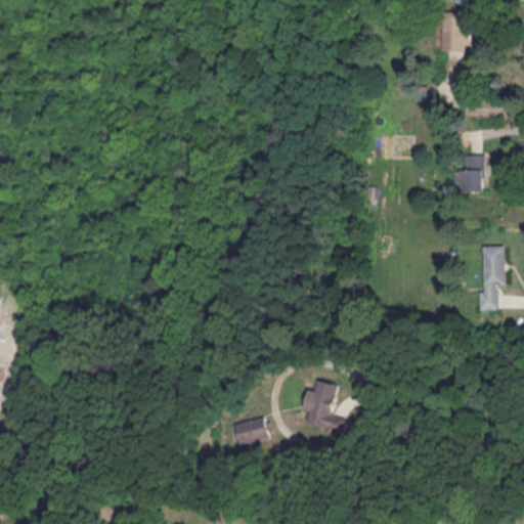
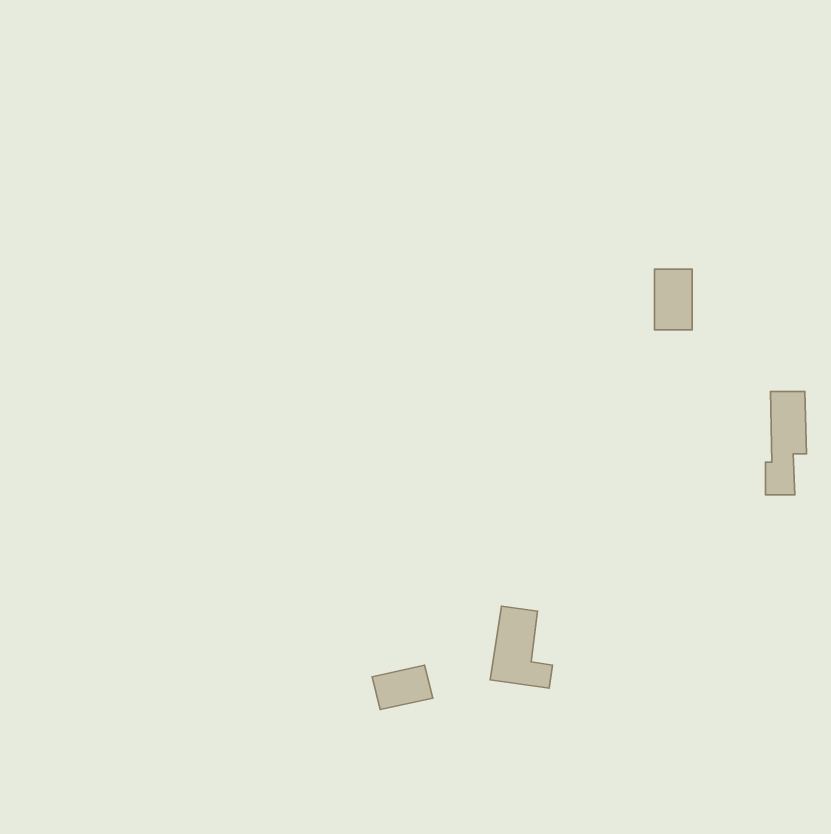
building: [441,12,467,51] -> none
building: [460,156,483,193] -> [654,269,692,330]

